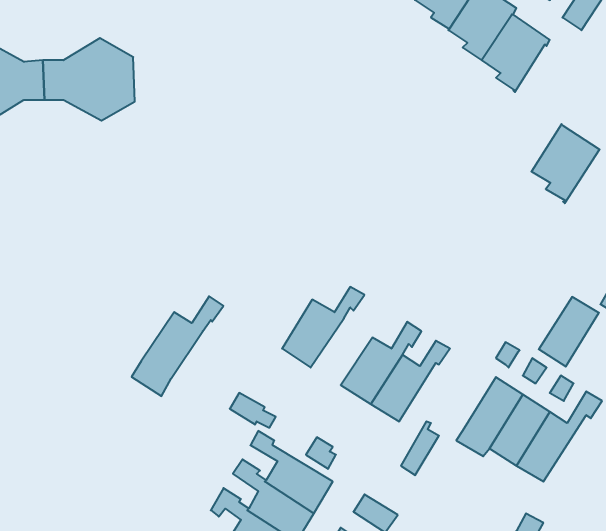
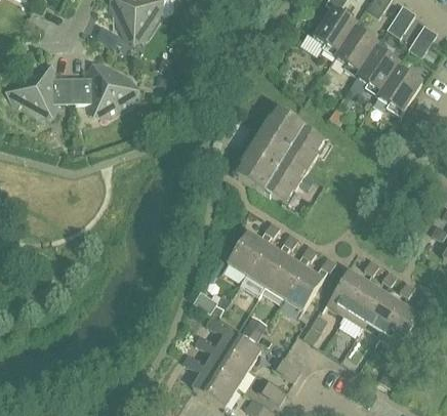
building: none -> [237,109,324,204]
building: [531,124,600,203] -> [377,67,421,118]
building: [132,296,223,396] -> [239,234,298,298]
building: [539,297,599,367] -> [326,272,365,317]

